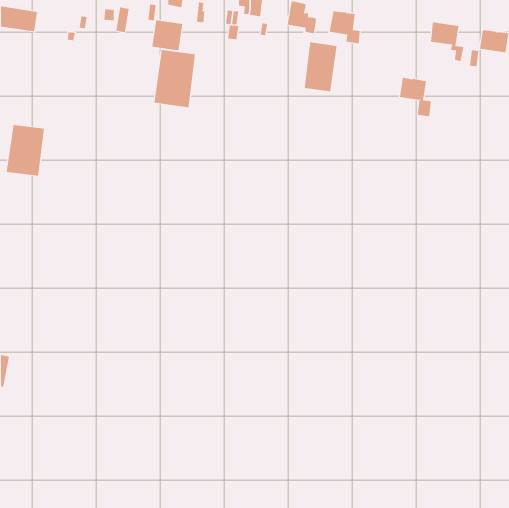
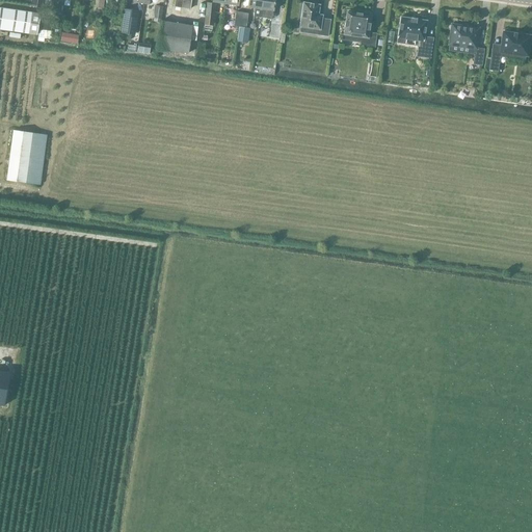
building: [304,42,337,92] -> none
building: [154,49,196,108] -> none
building: [399,77,432,117] -> [398,16,432,57]

